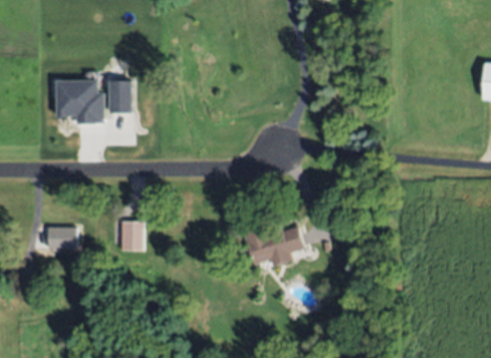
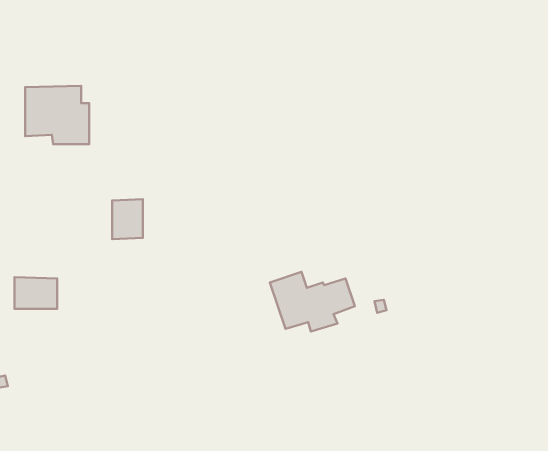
building: [109,80,133,114] -> none
building: [120,221,144,251] -> [112,199,143,239]

